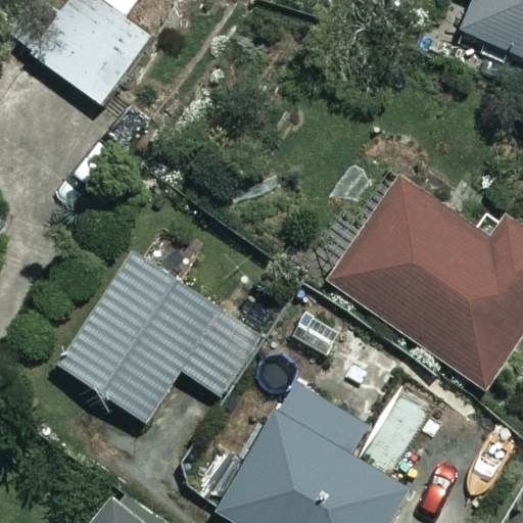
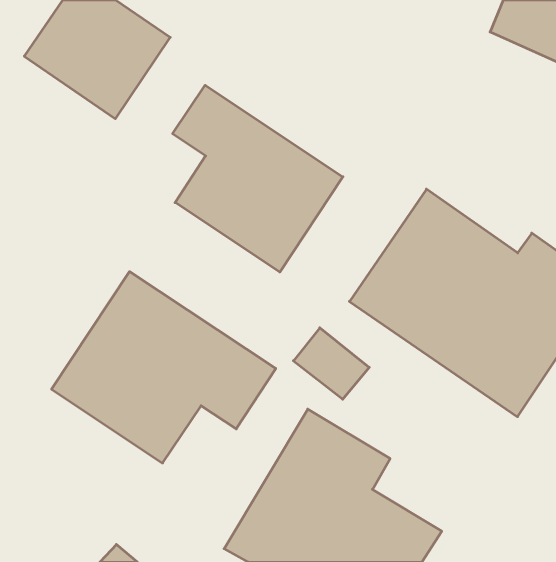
building: none -> [173,85,343,272]

